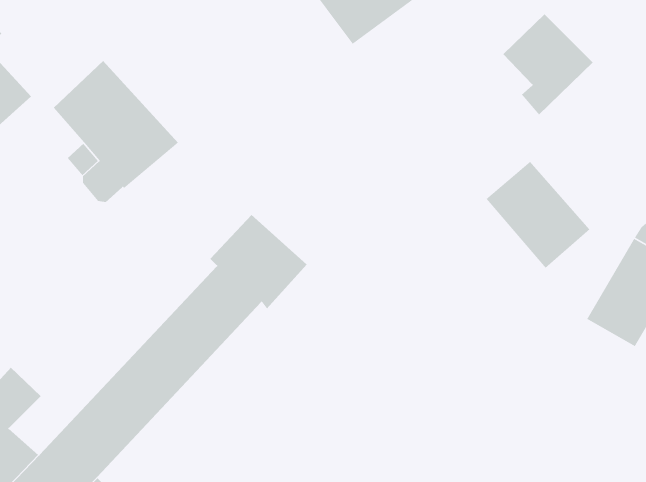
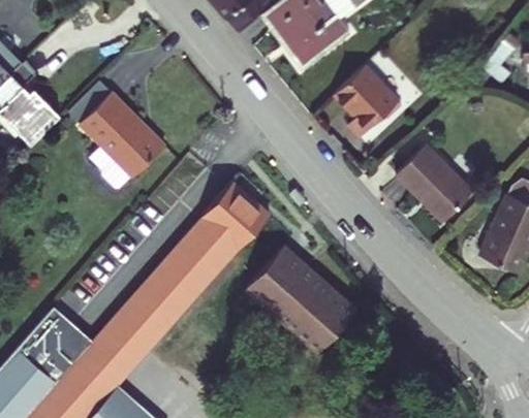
building: [503,13,594,116] -> [338,53,405,128]
building: none -> [242,258,352,364]

